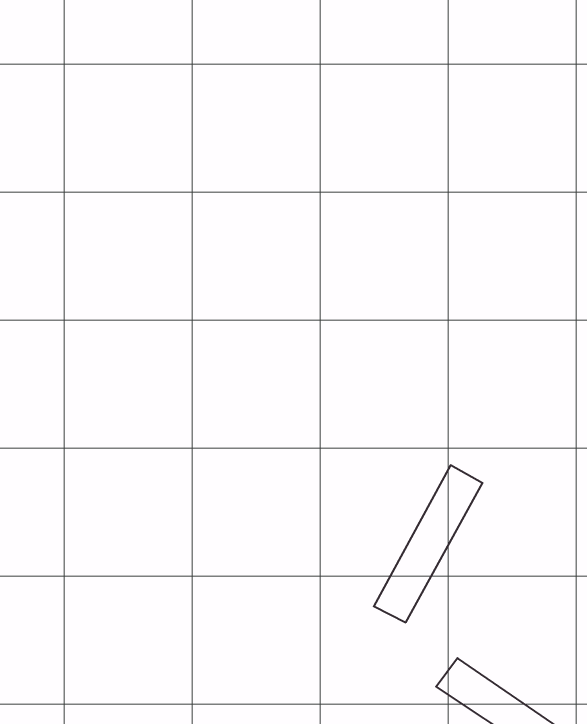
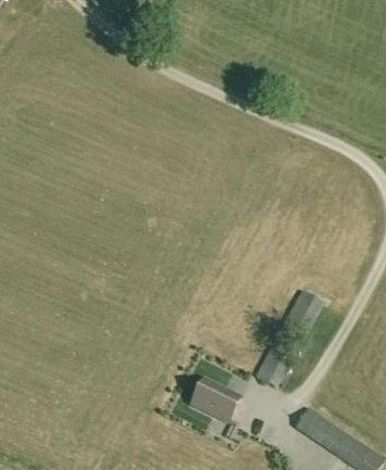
building: none -> [190,378,239,420]

